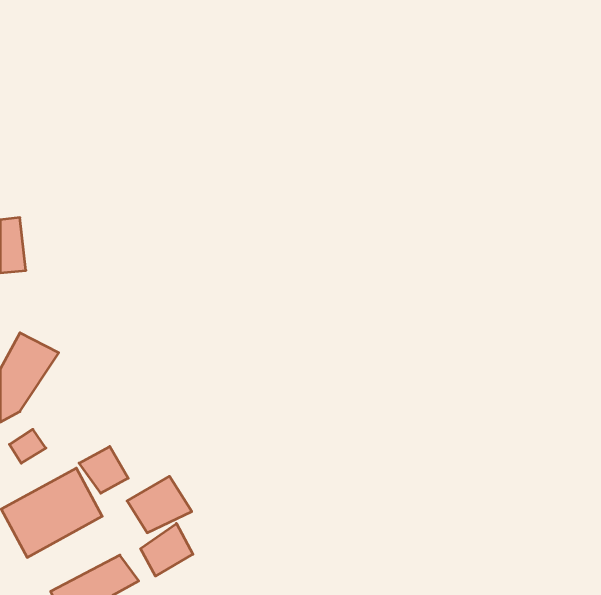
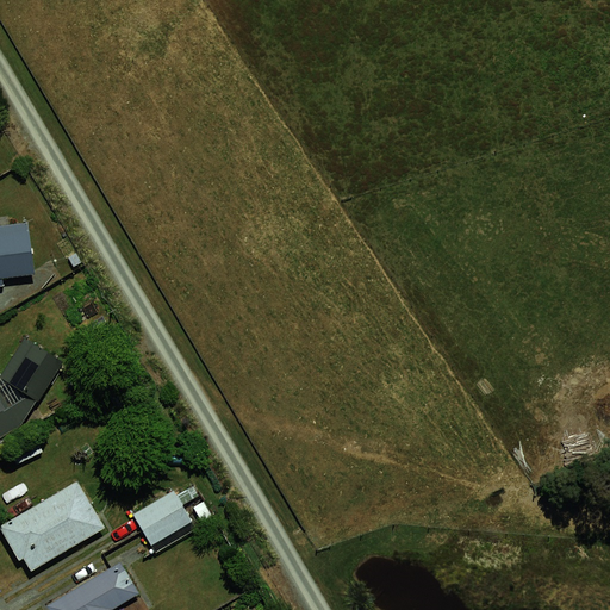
building: [79,446,128,493] -> none
building: [141,523,193,576] -> none

